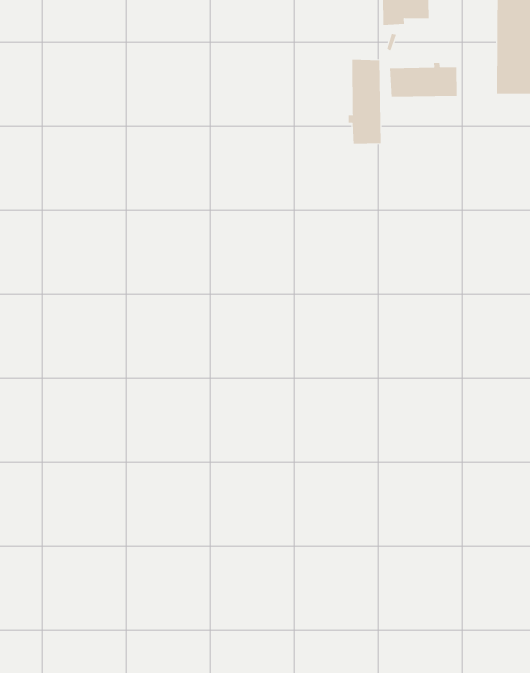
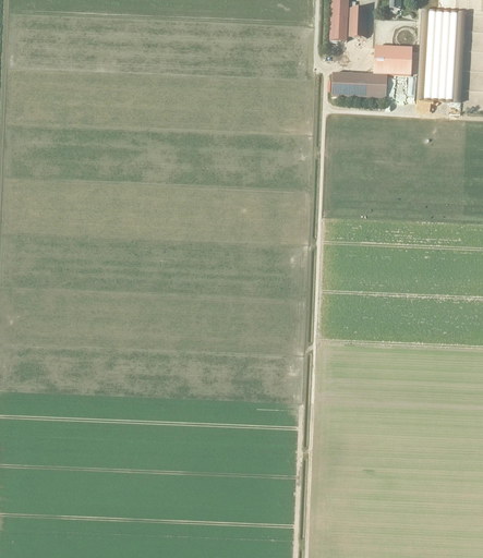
building: none -> [374,45,412,73]
building: [348,59,381,145] -> none

